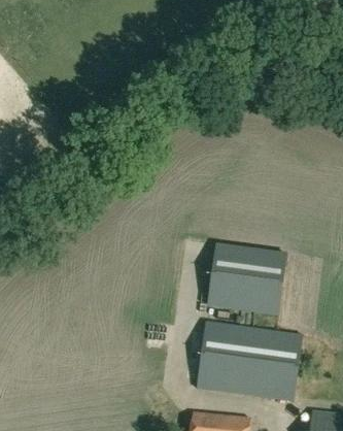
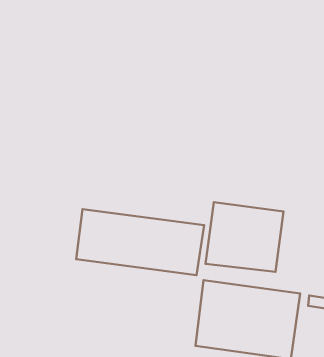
building: none -> [76,209,204,275]

